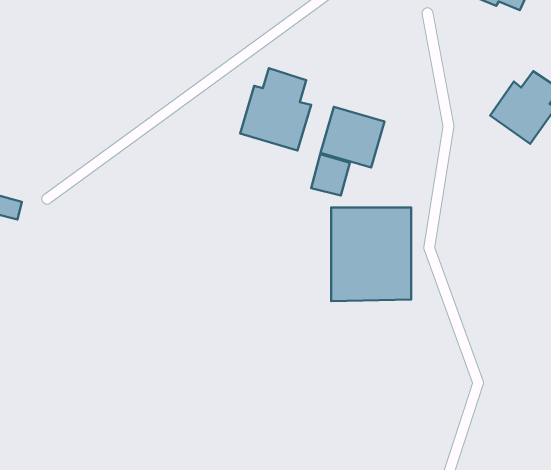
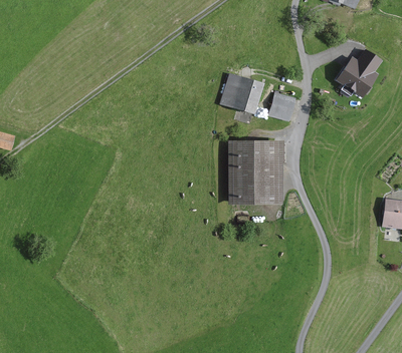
building: [240,68,311,150] -> none
building: [311,154,350,196] -> [268,92,294,120]

